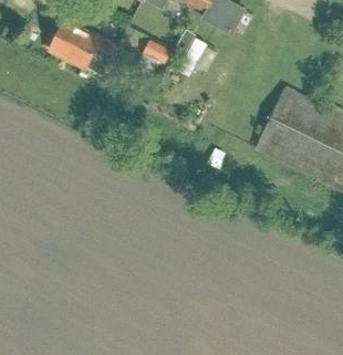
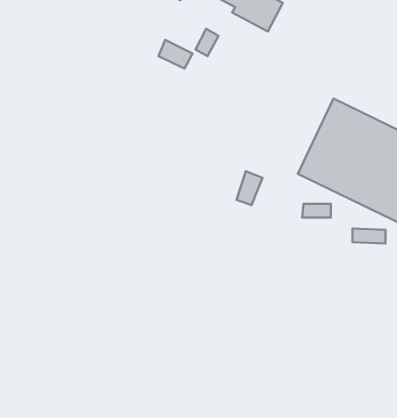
building: [49,19,117,74] -> none

